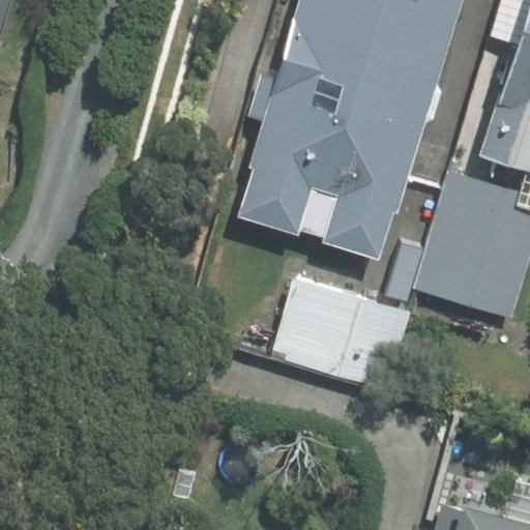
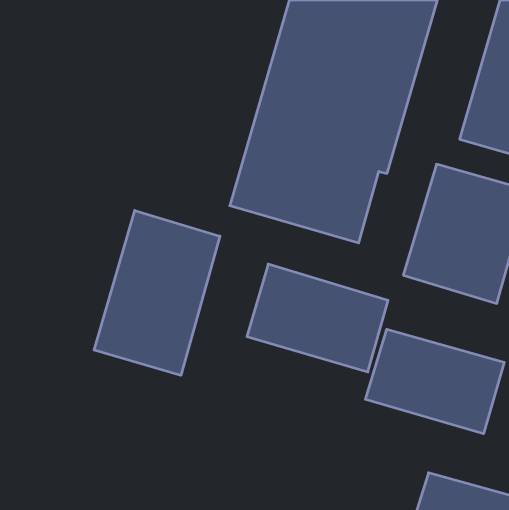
building: none -> [94,210,220,375]
building: none -> [365,329,504,434]

